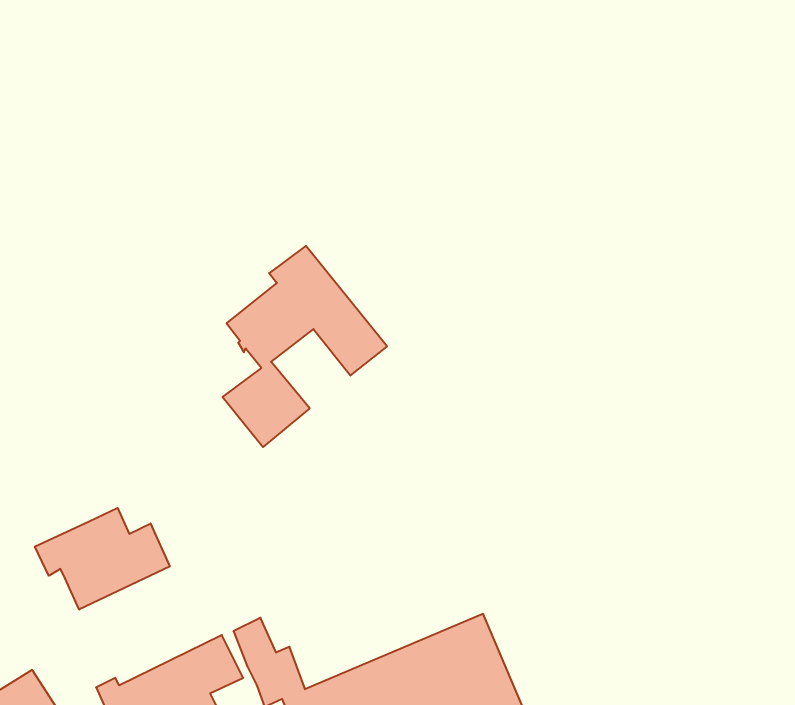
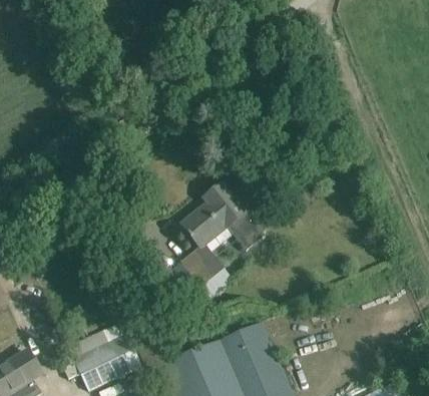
building: [223,246,387,447] -> [178,183,264,288]
building: [35,508,170,610] -> none

